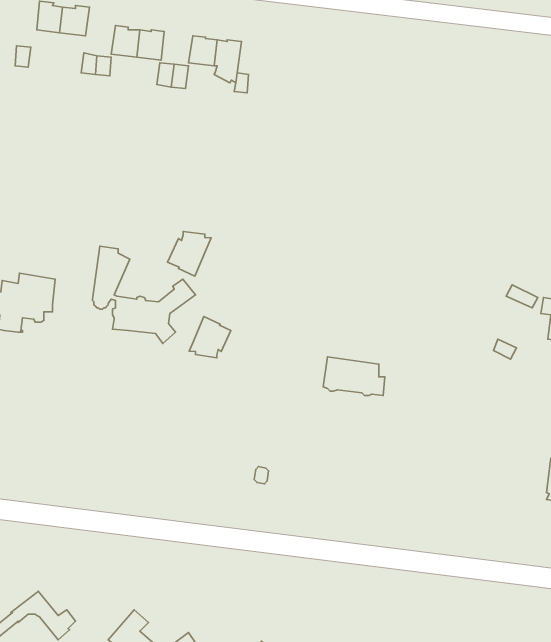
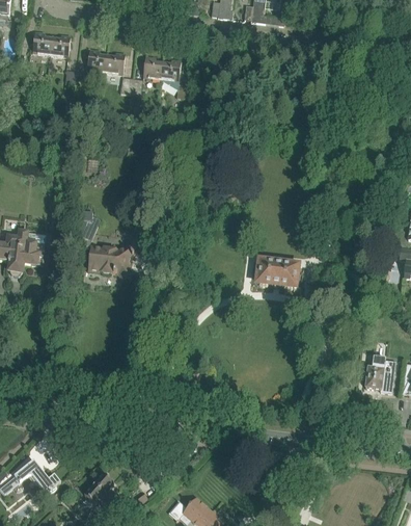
building: [167,231,211,276] -> none
building: [189,316,231,358] -> none
building: [323,357,385,396] -> [257,259,302,287]
building: none -> [365,357,396,392]

